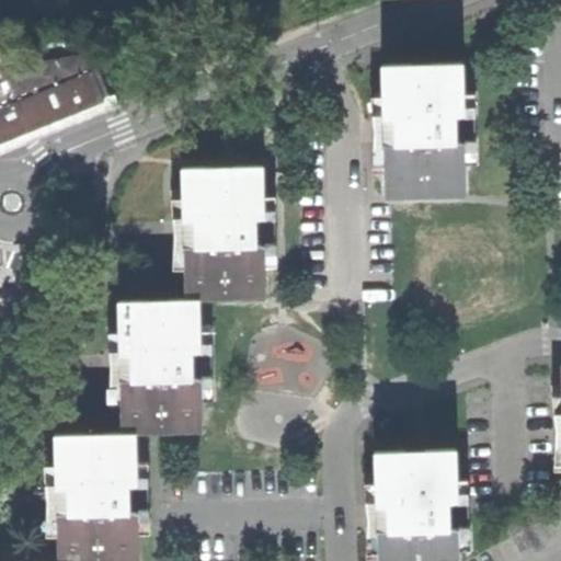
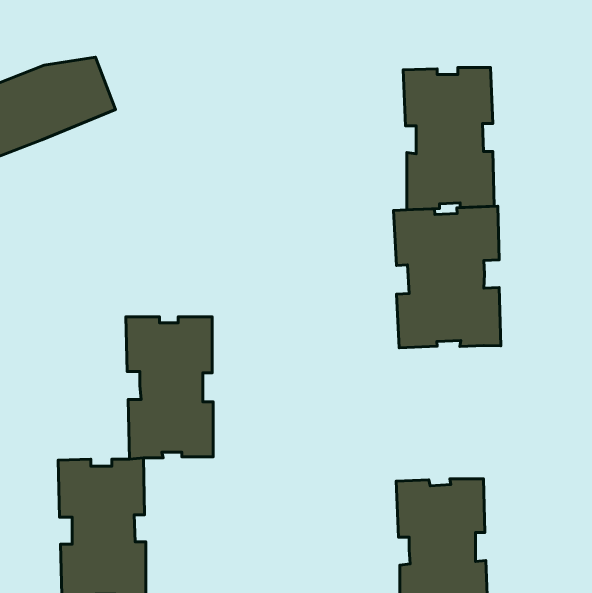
building: [180,163,264,300] -> none
building: none -> [394,206,501,348]

